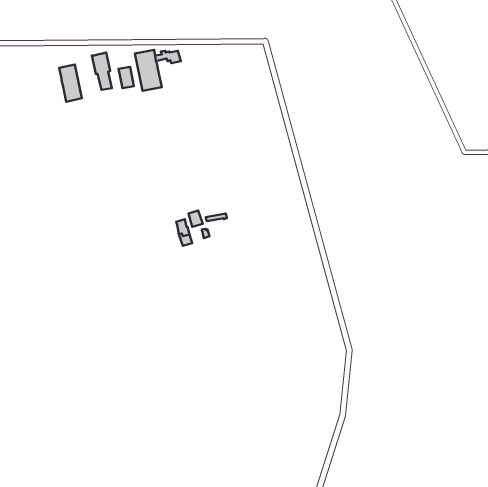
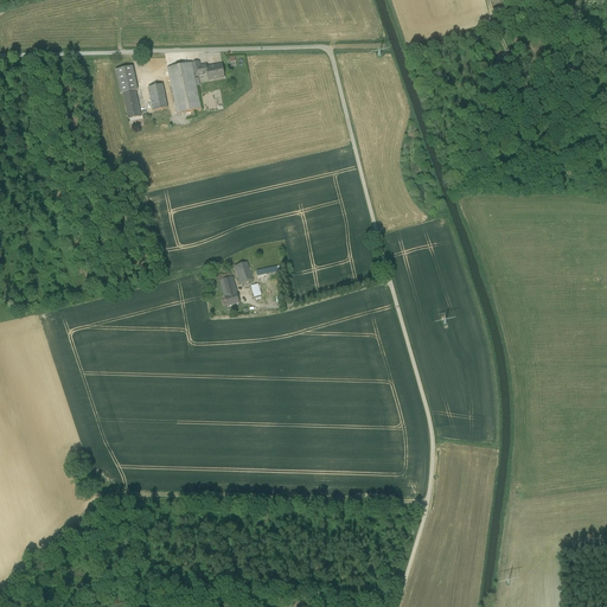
building: [59,64,82,102] -> none

